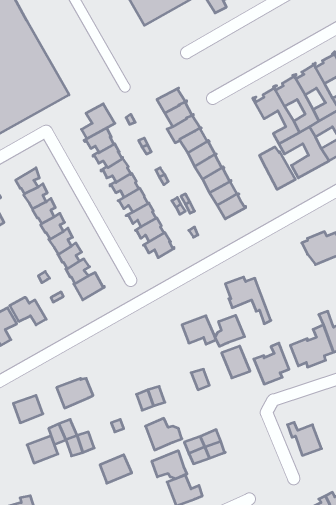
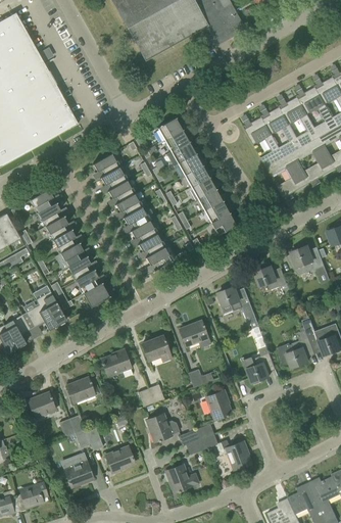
building: [81,104,115,139] -> none
building: [260,147,295,189] -> none
building: none -> [254,266,291,293]
building: none -> [35,291,66,324]
building: [215,315,245,346] -> none
building: none -> [141,335,170,361]
building: [222,346,250,378] -> [205,390,231,419]
building: none -> [101,349,130,376]
building: [287,422,322,455] -> [220,439,250,469]
building: [27,436,58,463] -> [64,462,92,486]
building: [152,451,187,479] -> none

